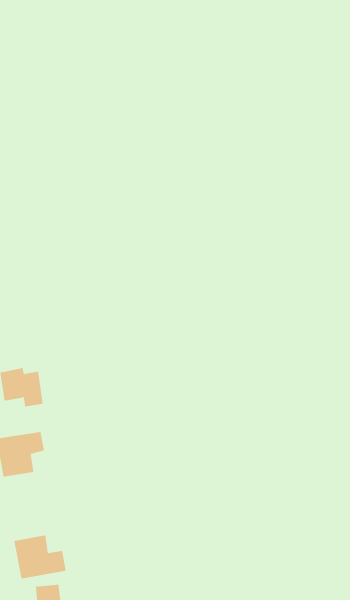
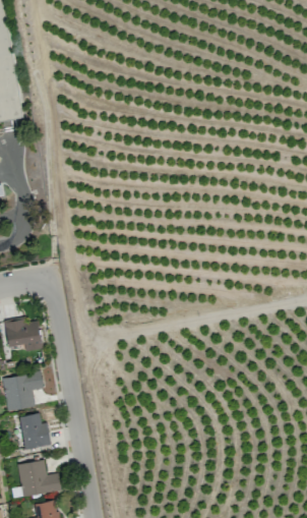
building: none -> [21,414,50,449]

